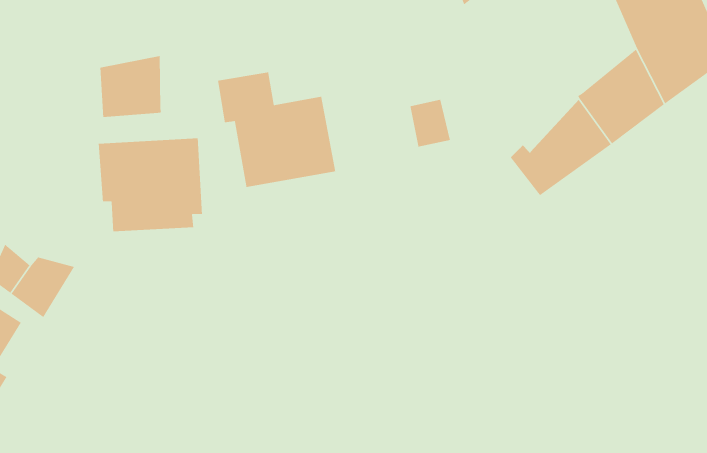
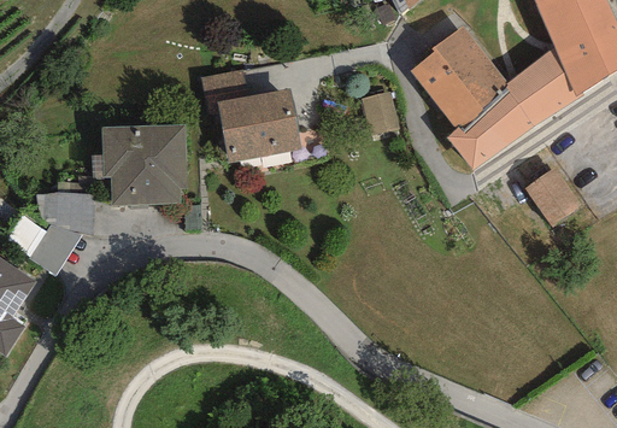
building: none -> [410,25,507,134]
building: [100,55,162,118] -> none
building: none -> [525,170,581,228]
building: none -> [36,190,94,235]

